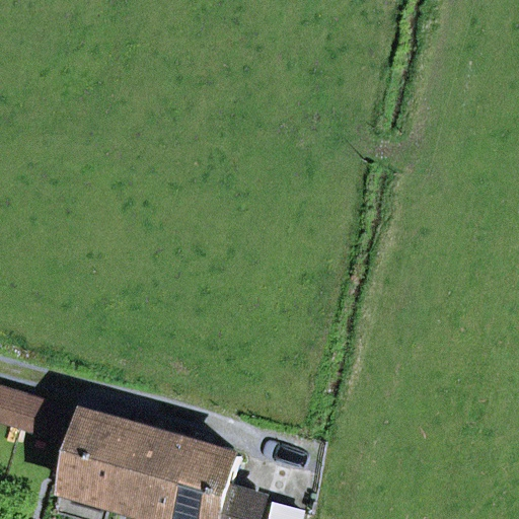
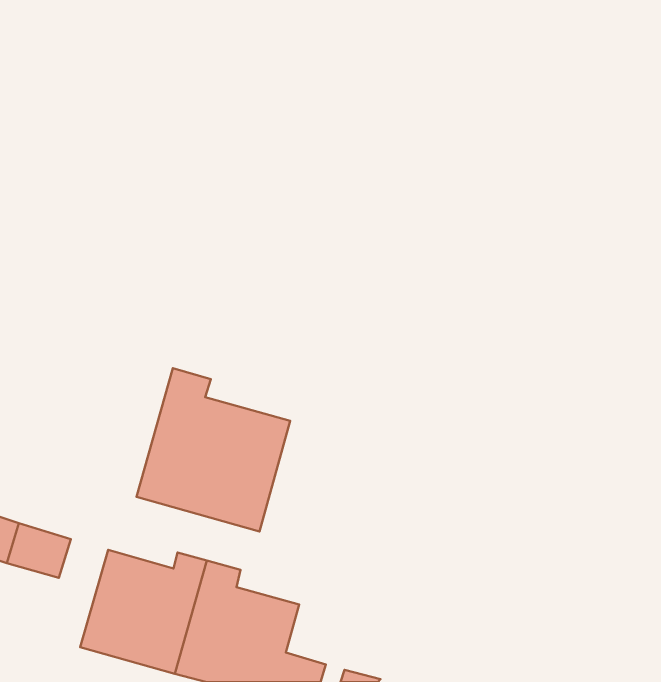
building: none -> [137,368,290,532]

